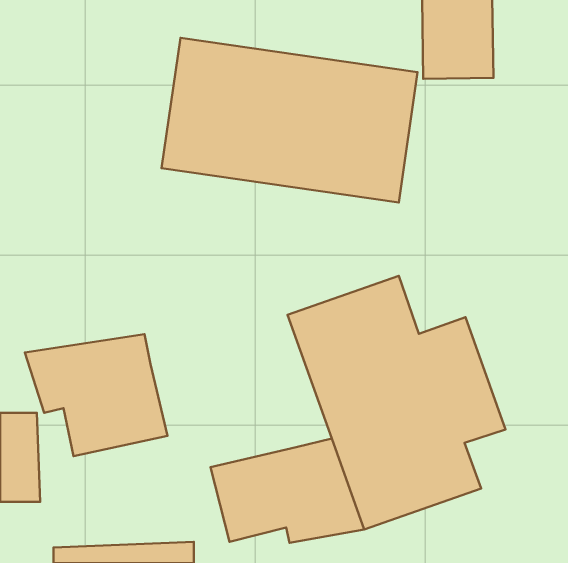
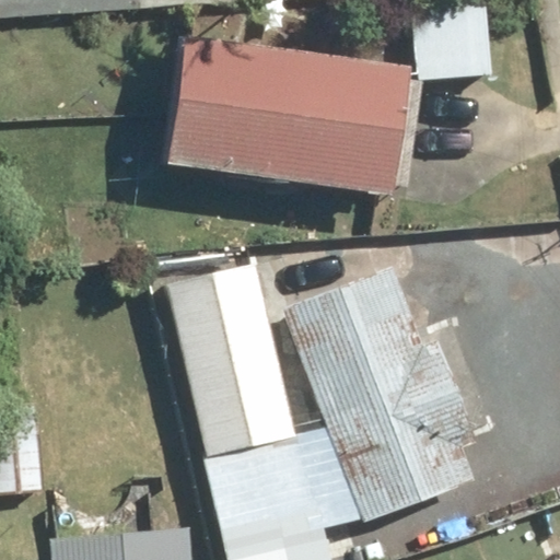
building: none -> [167,261,292,459]
building: [25,334,167,456] -> none

